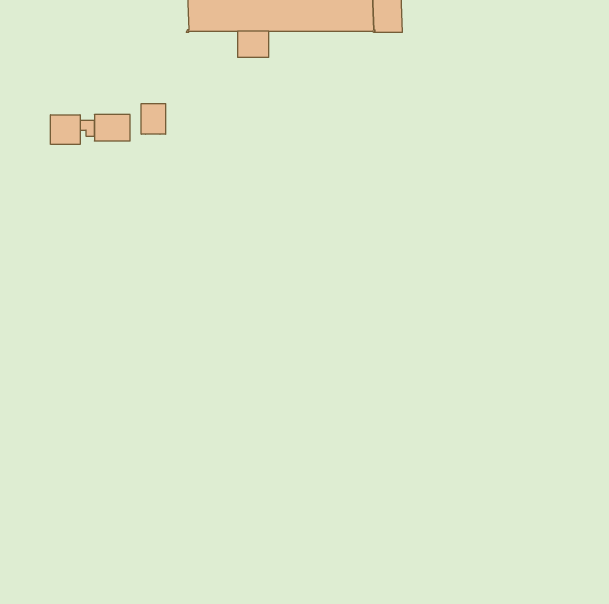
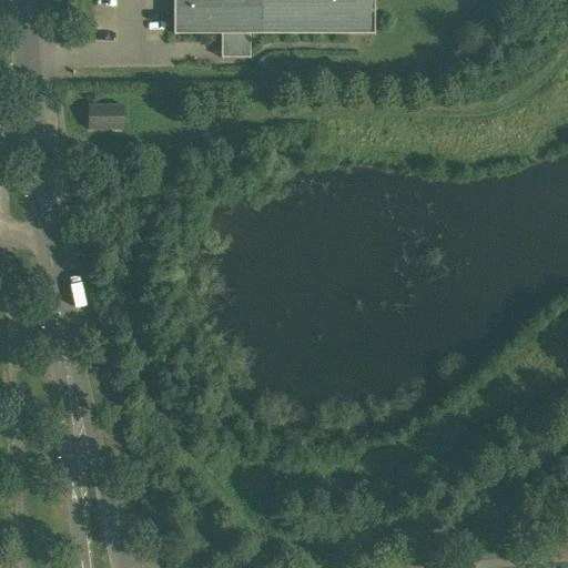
building: [141,104,166,134] -> none
building: [51,115,80,144] -> none

